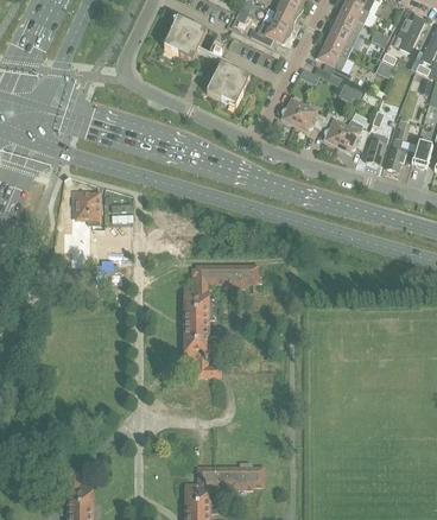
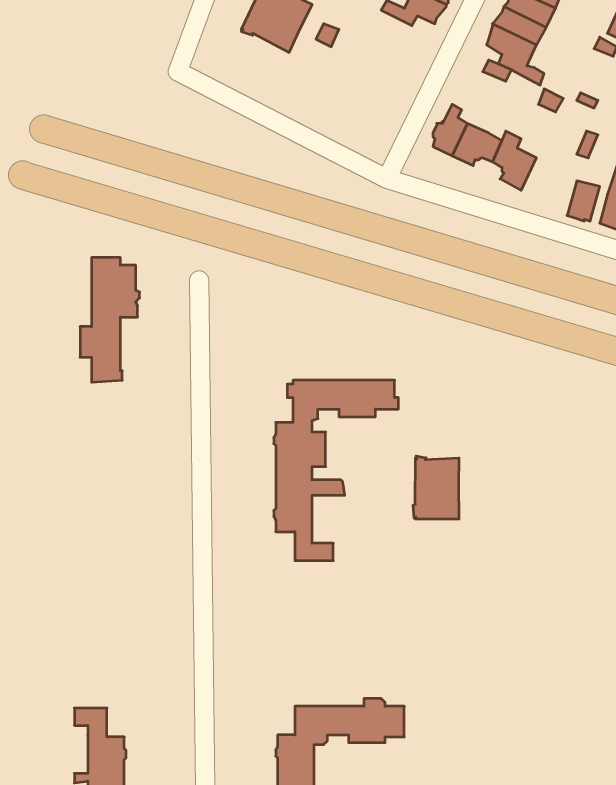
building: [205,62,249,106] -> none
building: [336,123,368,152] -> none
building: none -> [413,456,459,519]

